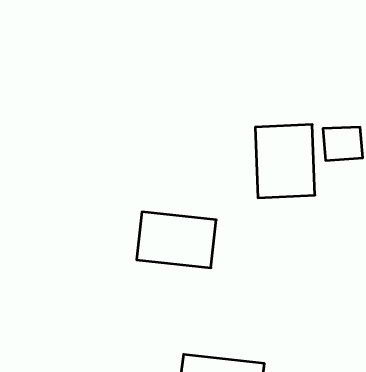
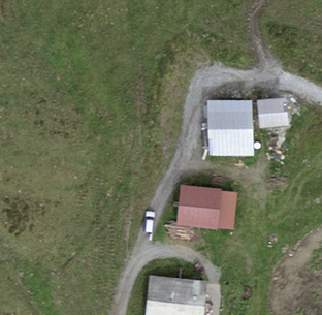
building: [137,212,216,268] -> [176,186,238,229]

